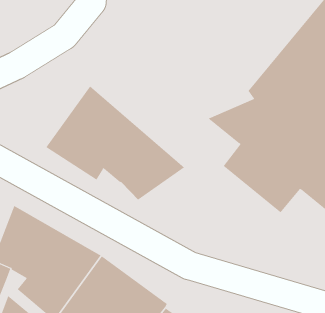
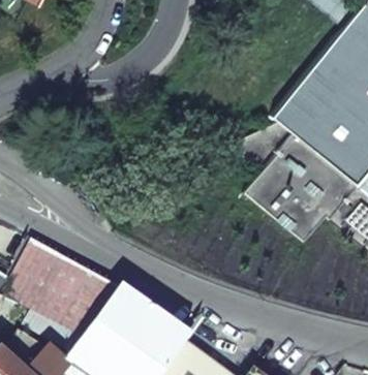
building: [45,86,185,201] -> none

